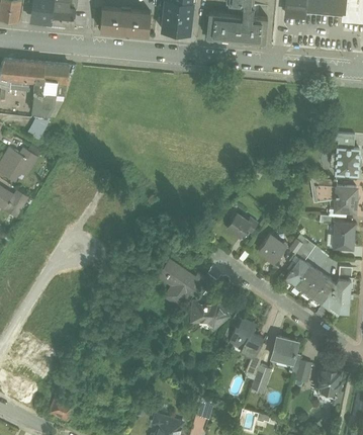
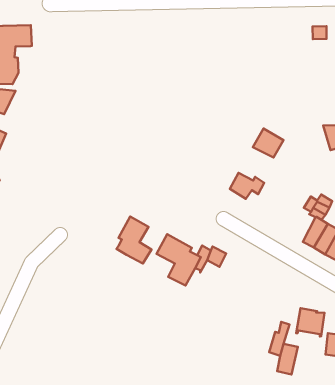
building: [258,234,285,260] -> [253,128,283,158]
building: none -> [117,217,152,264]
building: [193,303,226,328] -> none
building: [231,318,263,355] -> none

